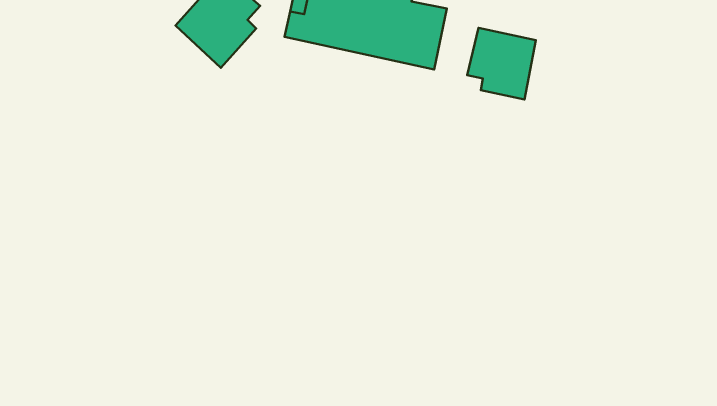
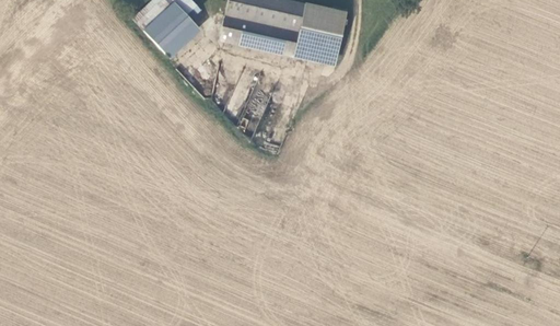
building: [467,28,536,100] -> none

